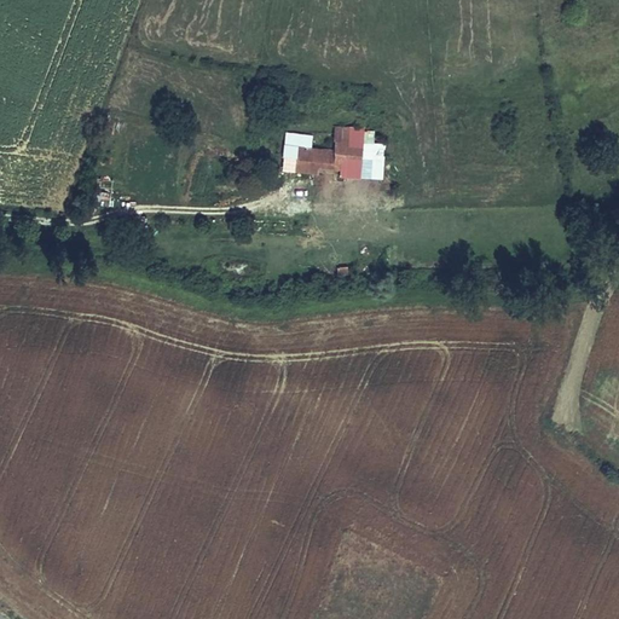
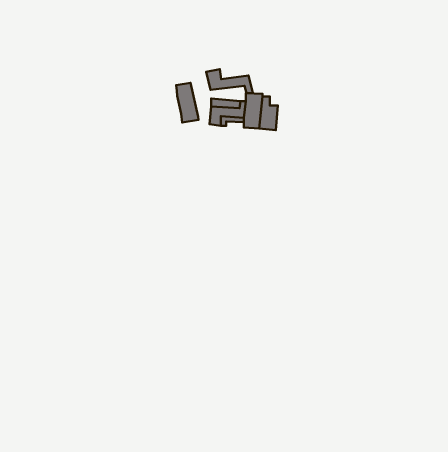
building: none -> [206,69,253,93]
building: none -> [176,83,198,122]

